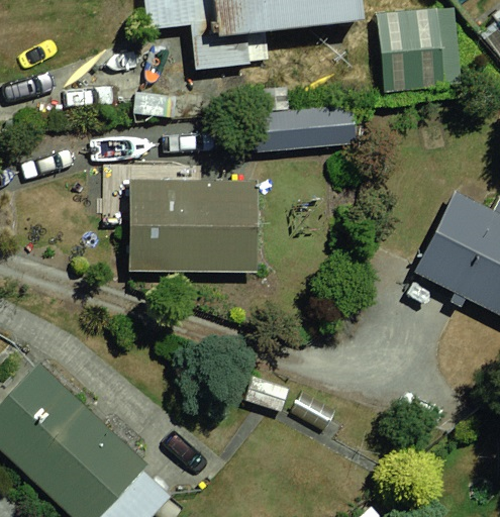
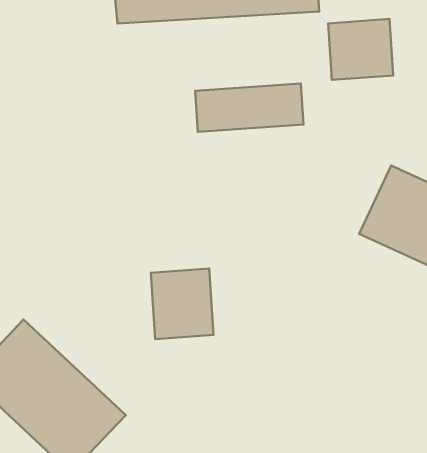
building: [129,173,259,276] -> none
building: none -> [151,268,214,339]

